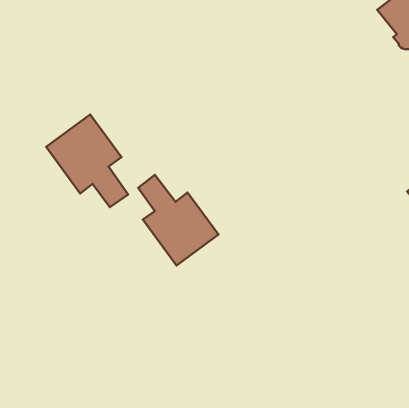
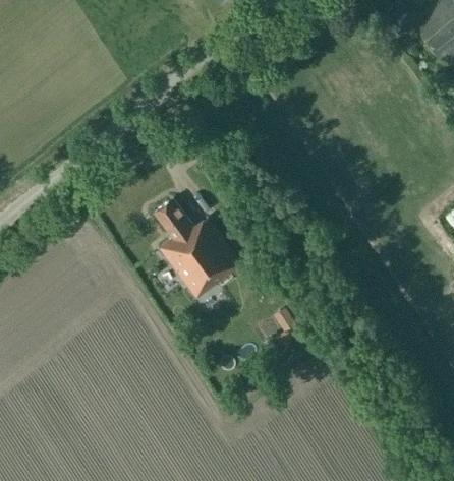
building: [46,114,128,207] -> none

